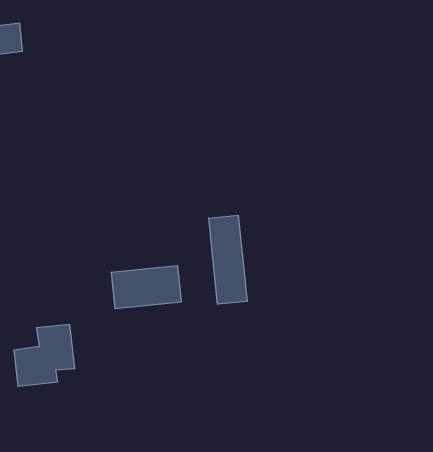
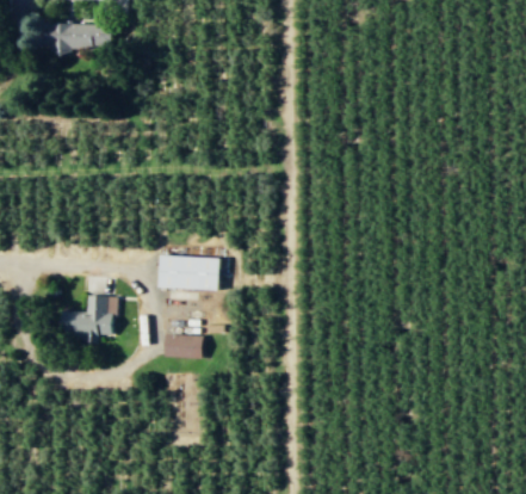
building: [209,215,247,304] -> none
building: none -> [165,334,202,358]

